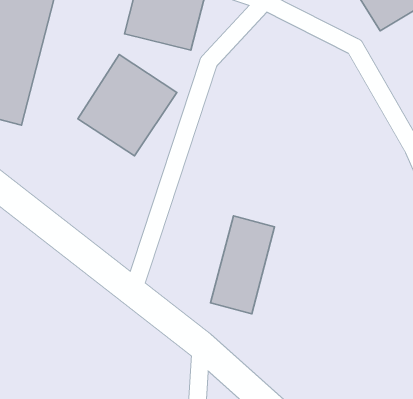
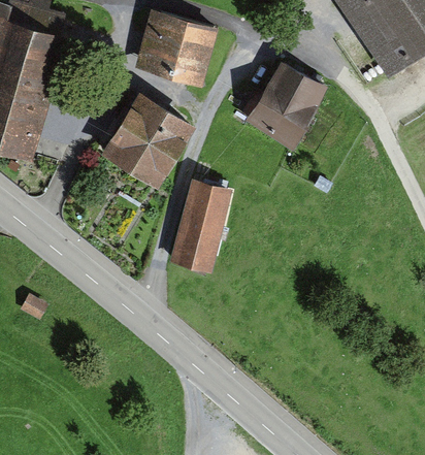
building: none -> [246,61,327,144]
building: [211,216,275,314] -> [172,178,233,271]

